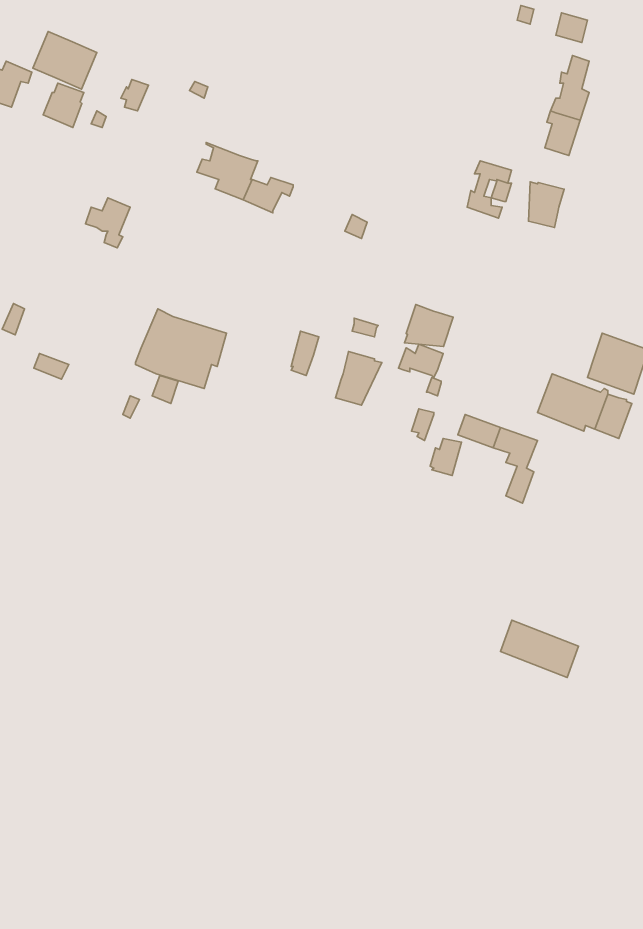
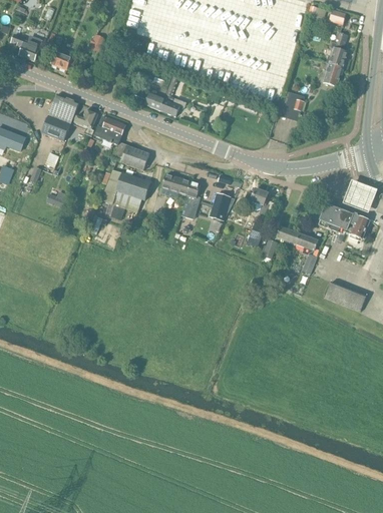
building: [33,31,97,89] -> none
building: none -> [41,93,79,140]
building: [528,182,564,228] -> none
building: none -> [94,115,149,170]
building: [404,305,453,346] -> none
building: none -> [159,172,190,197]
building: [501,620,578,678] -> [325,280,367,311]

